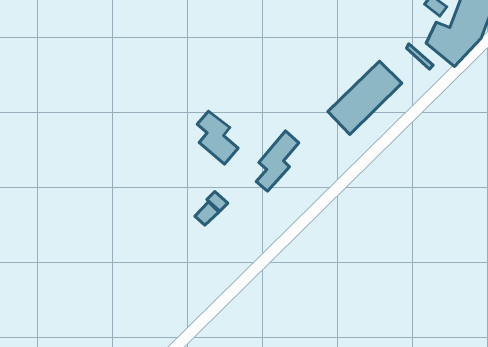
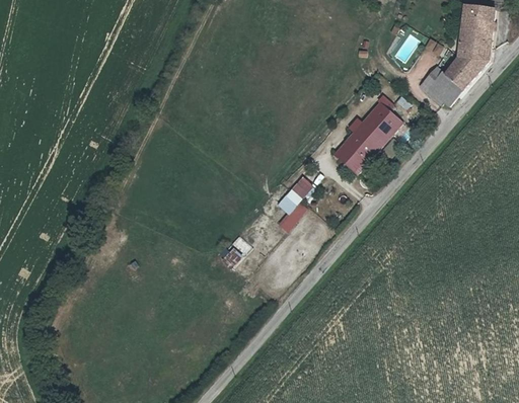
building: [197,111,238,164] -> none

